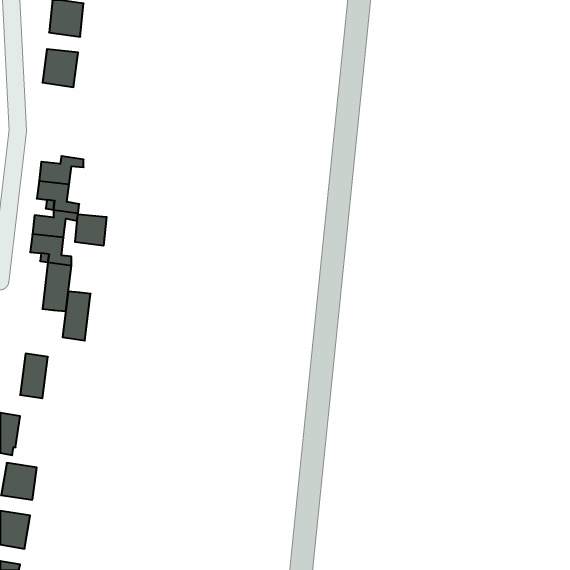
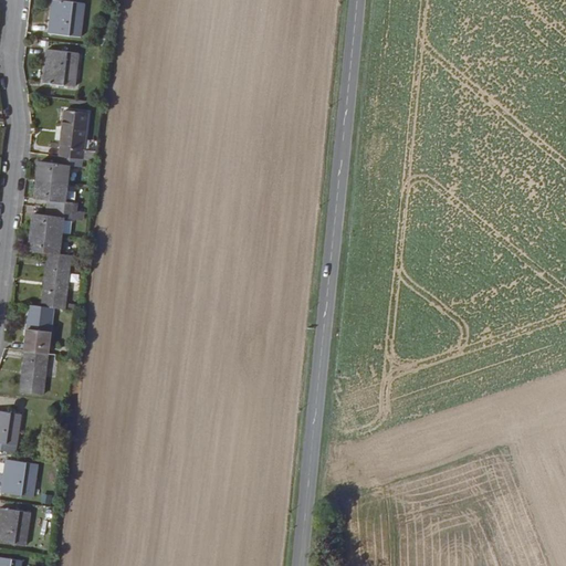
building: none -> [61,109,88,158]
building: [75,214,107,246] -> none
building: [63,292,91,341] -> [25,305,53,354]

